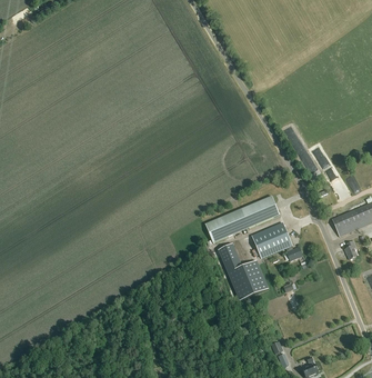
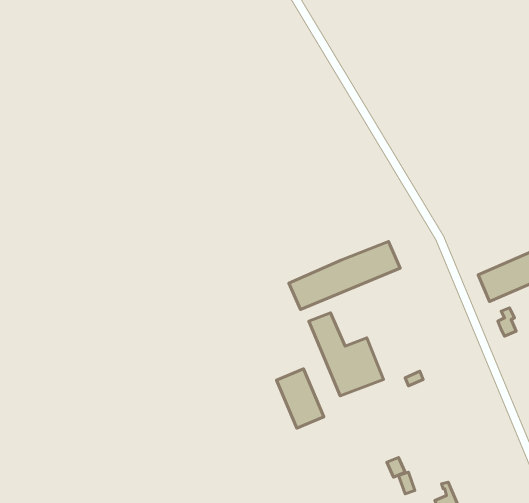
building: [251,223,302,260] -> none
building: none -> [276,369,324,428]

